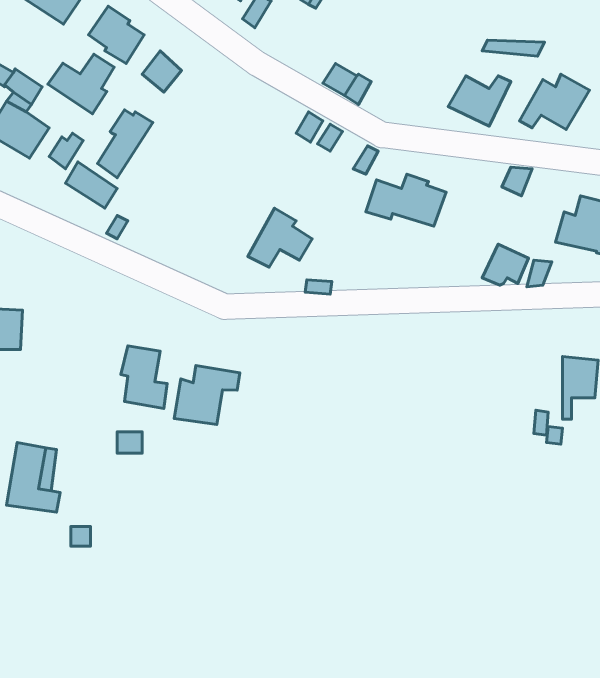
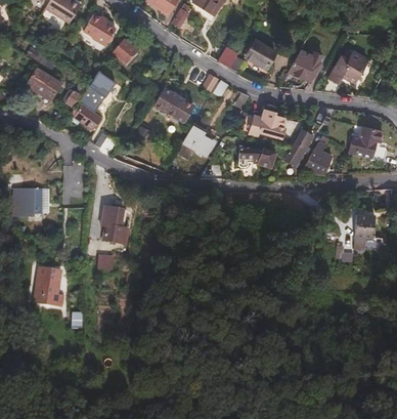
building: [48,54,114,114] -> none
building: none -> [247,41,276,69]
building: none -> [158,84,196,118]
building: none -> [286,130,314,166]
building: none -> [240,146,276,167]
building: [174,365,240,424] -> none

